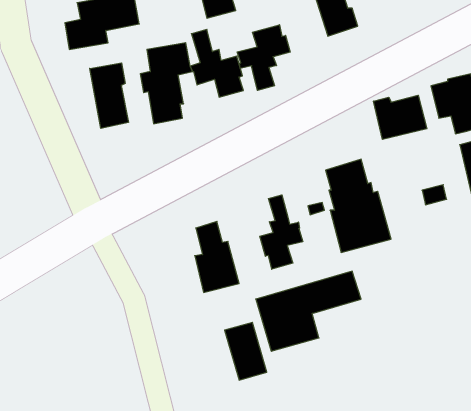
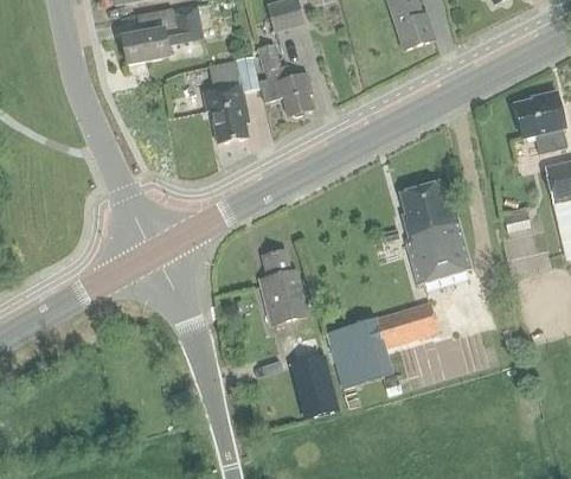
building: [237,25,290,90] -> none
building: [90,63,128,128] -> none
building: [374,95,427,139] -> none
building: [260,195,303,269] -> none

